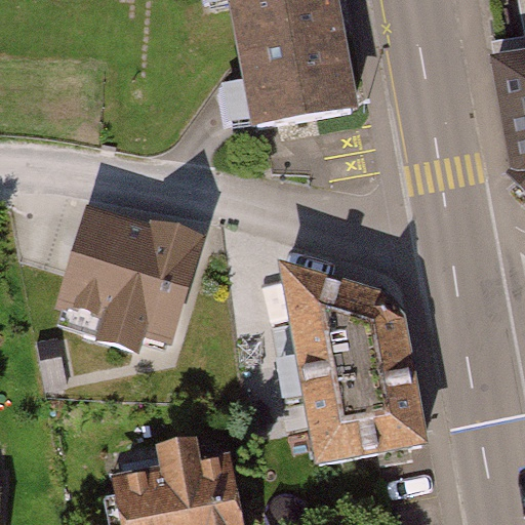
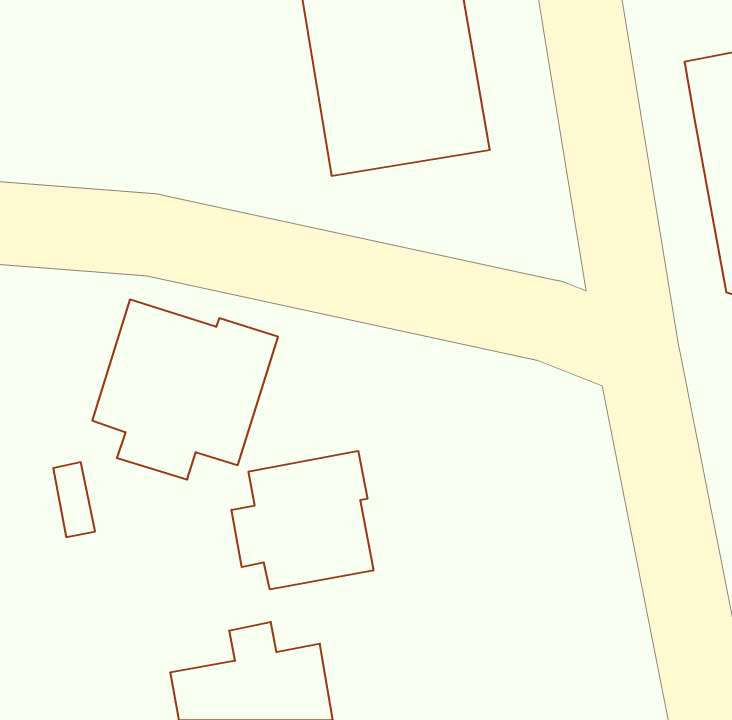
building: [289,268,427,457] -> none
building: none -> [231,451,373,589]

